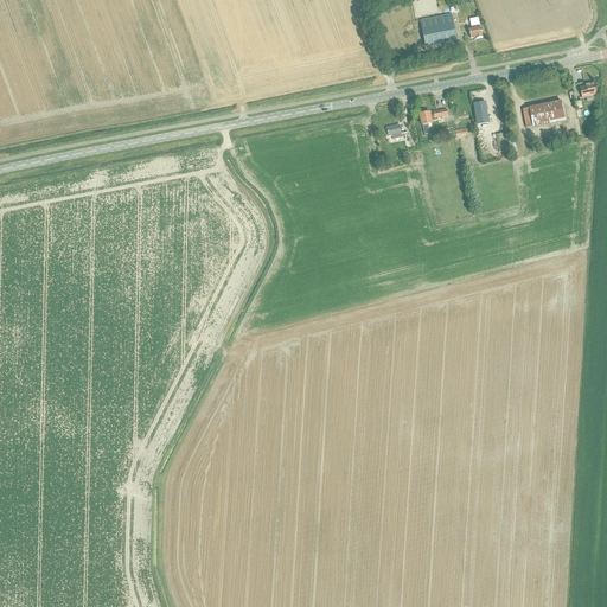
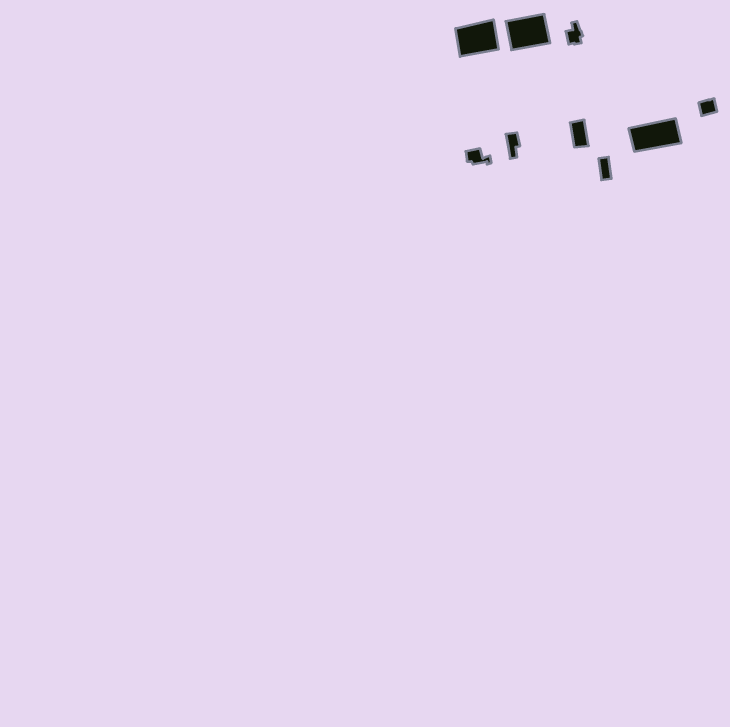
building: none -> [456,20,498,57]

